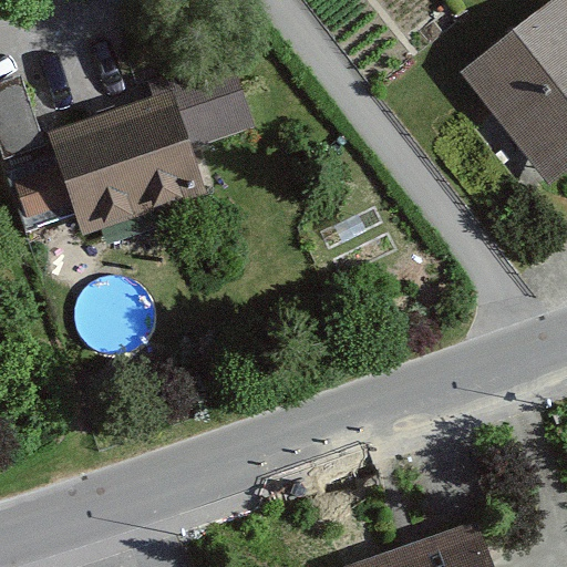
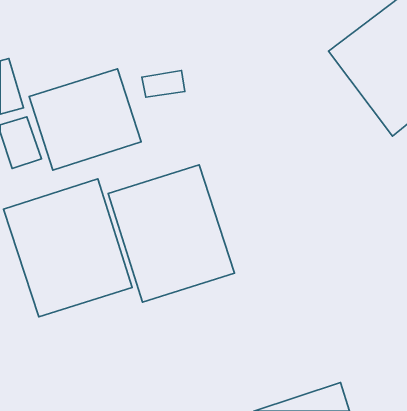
building: none -> [108,165,234,302]
building: none -> [4,179,132,317]

